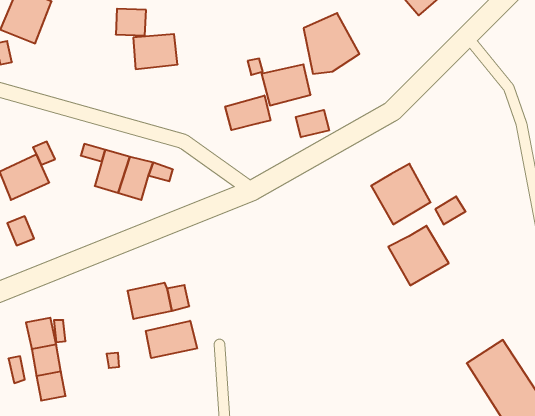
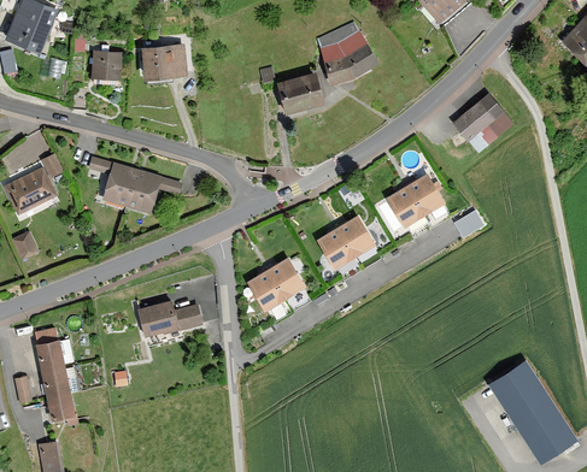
building: [116,9,146,36] -> [92,49,123,77]
building: none -> [453,90,516,152]
building: [225,95,270,130] -> none
building: [296,110,329,137] -> none
building: [388,226,449,285] -> [317,218,380,279]
building: none -> [248,259,311,320]
building: [146,321,197,358] -> none

